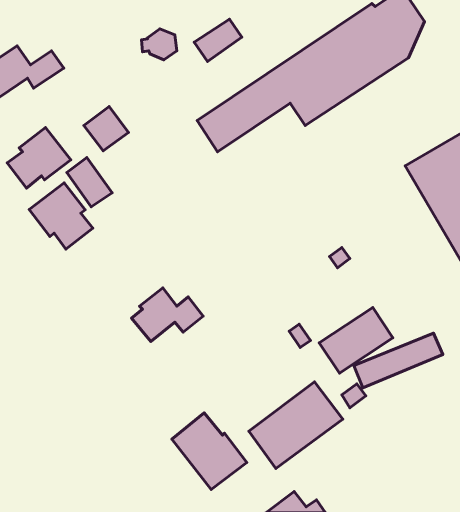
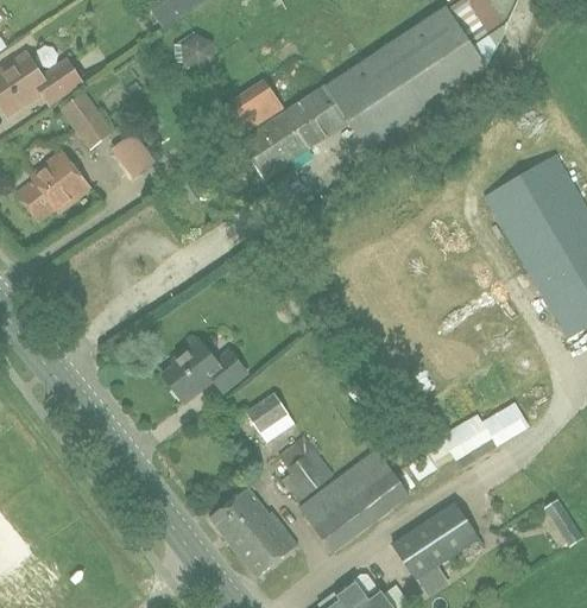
building: [194,19,242,61] -> [225,83,280,133]
building: [67,157,112,207] -> [61,91,114,150]
building: [29,183,93,249] -> none
building: [319,308,393,373] -> [392,502,479,580]
building: none -> [242,393,294,443]
building: none -> [278,435,334,501]

